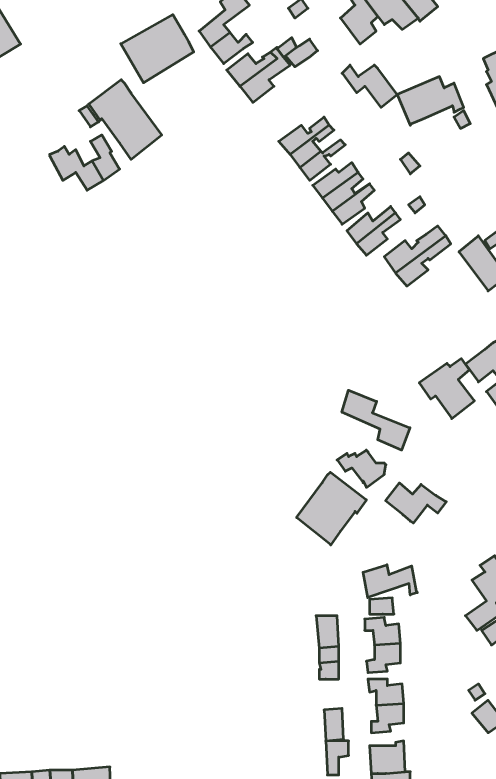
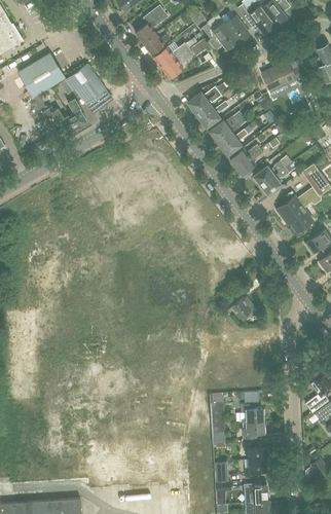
building: [121,15,194,83] -> [17,53,64,97]
building: [342,65,397,107] -> [203,23,237,49]
building: [419,359,474,419] -> [277,194,311,232]
building: [342,390,410,450] -> none
building: [297,472,366,545] -> none
building: [386,483,446,523] -> none
building: [363,565,417,598] -> none

